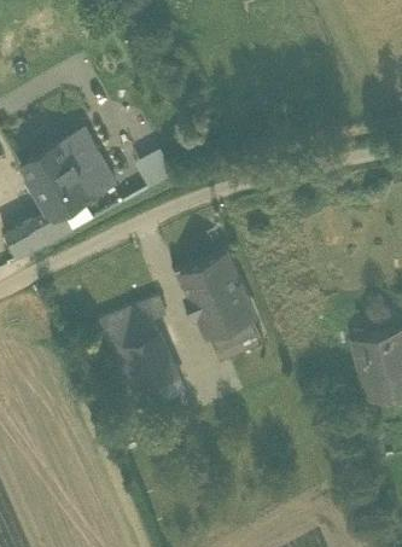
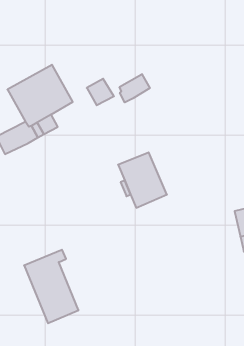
building: none -> [120,74,150,102]
building: [103,299,182,407] -> [24,250,79,323]
building: [208,316,262,357] -> none

